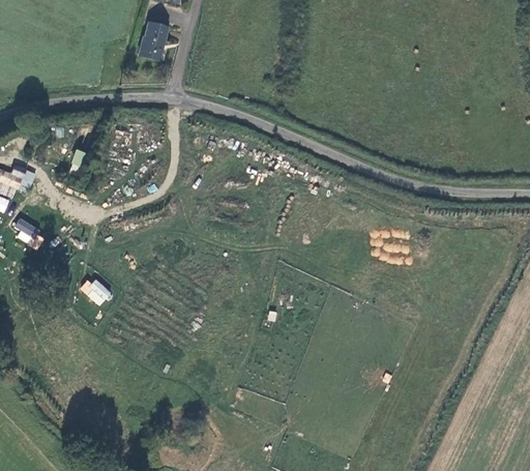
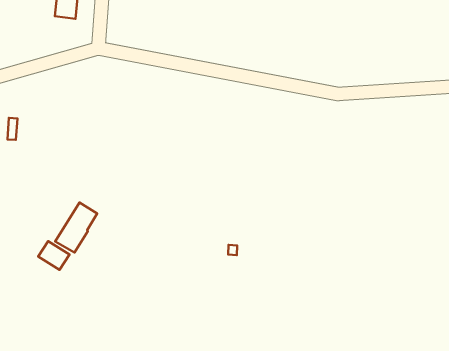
building: none -> [55,203,97,252]

